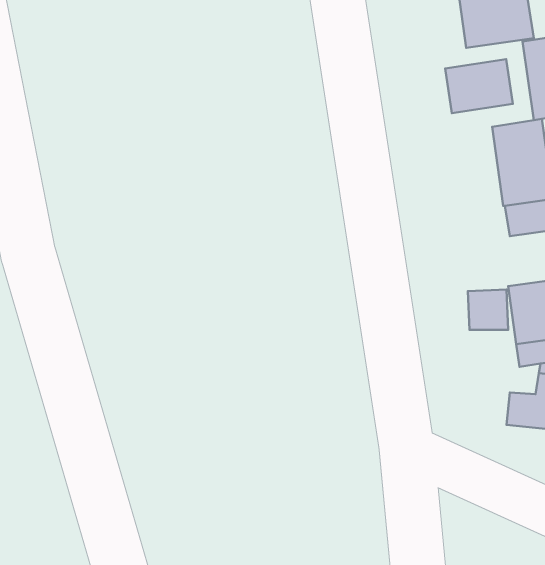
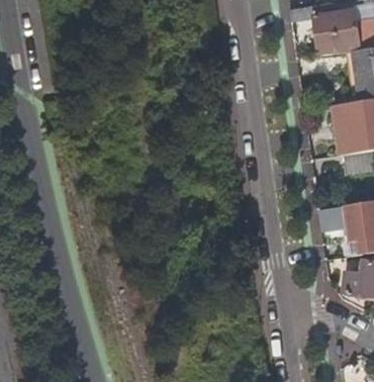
building: [445,59,513,113] -> none

